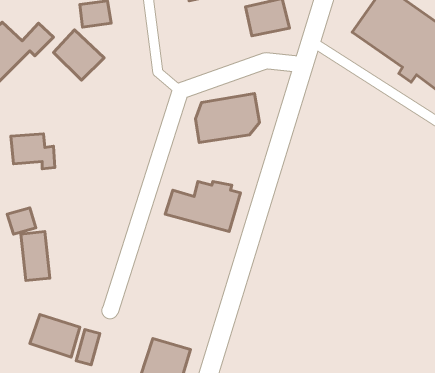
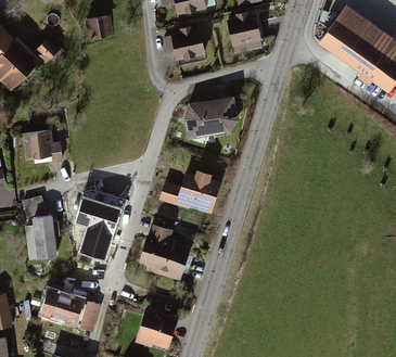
building: none -> [171,29,205,61]
building: [53,30,104,80] -> none
building: none -> [76,192,117,253]
building: none -> [140,222,191,282]

